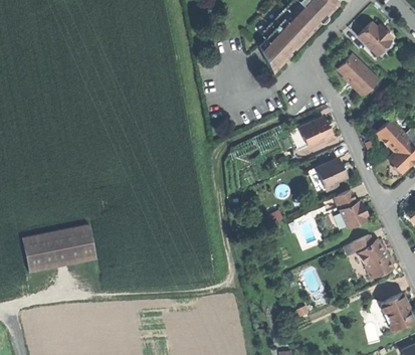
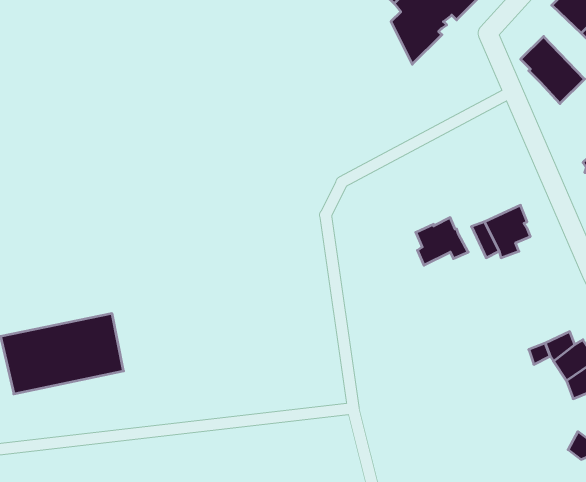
building: [302,118,335,147] -> [416,218,468,265]
building: [335,191,368,228] -> none

